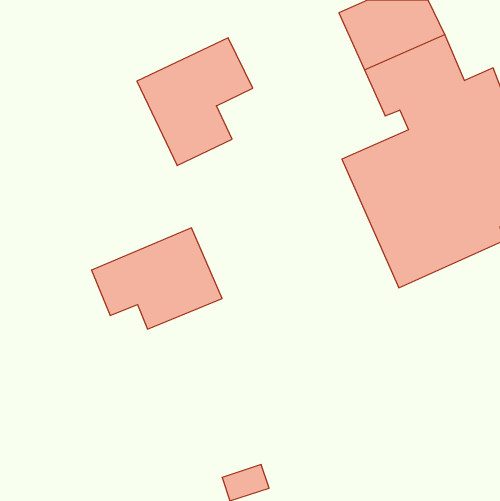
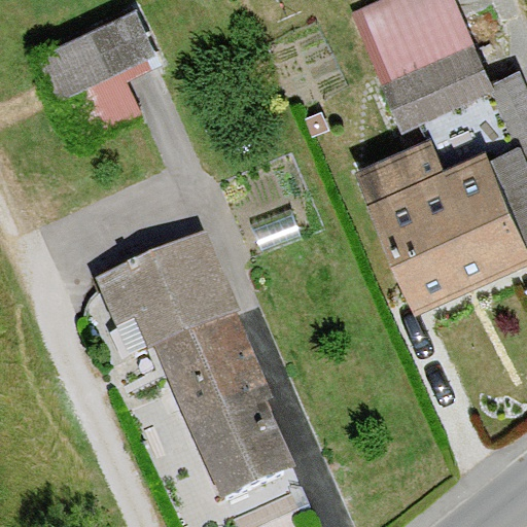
building: [137,38,253,166] -> [40,9,162,143]
building: none -> [156,314,300,503]

